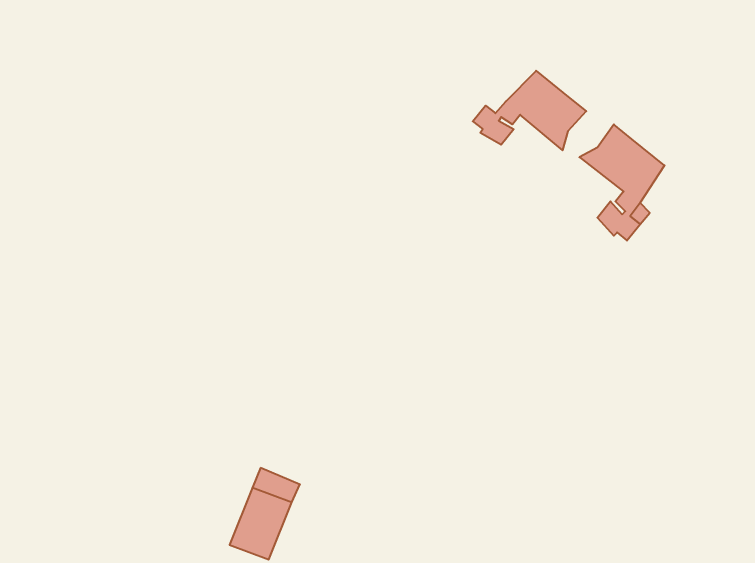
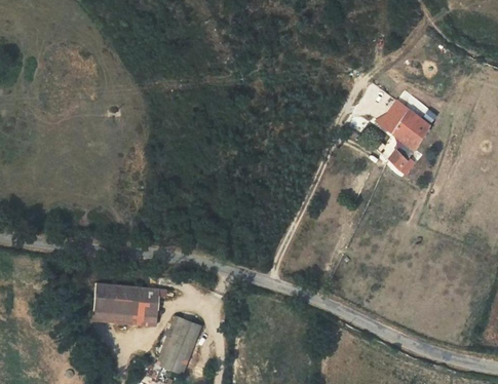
building: [473,71,586,150] -> none
building: none -> [91,278,160,318]

